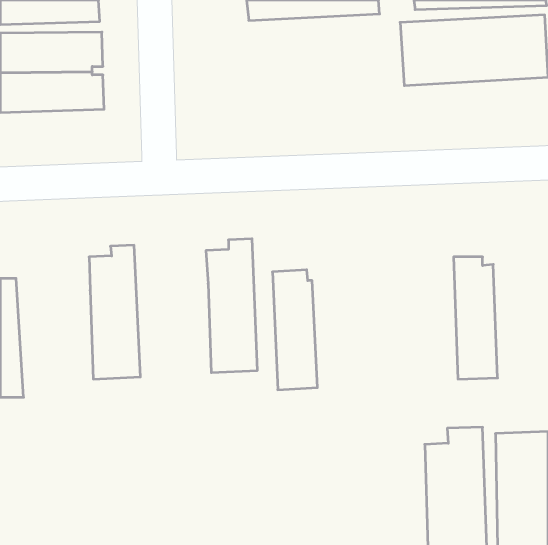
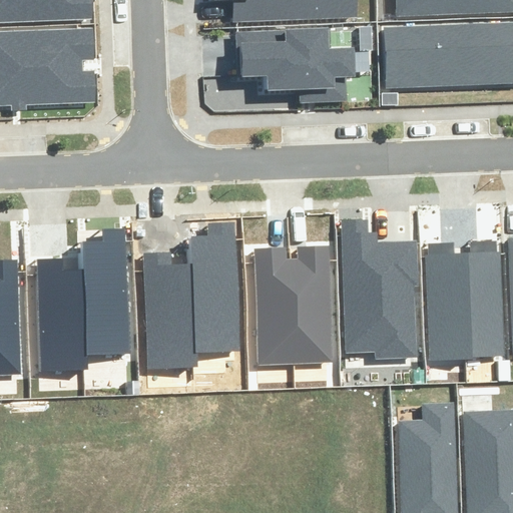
building: none -> [233,28,347,91]
building: none -> [340,217,416,358]
building: none -> [461,238,499,356]
building: none -> [292,252,334,365]
building: none -> [145,253,197,367]
building: none -> [36,259,88,372]

